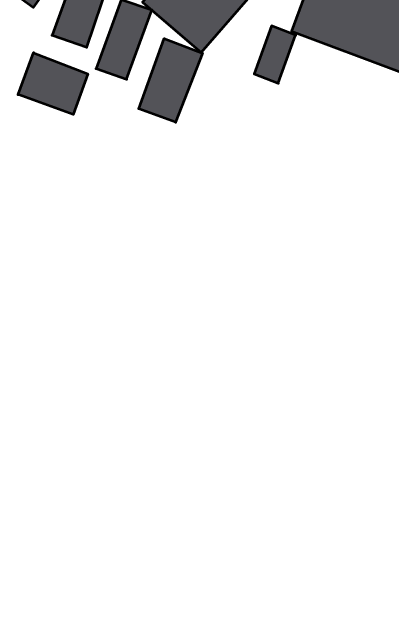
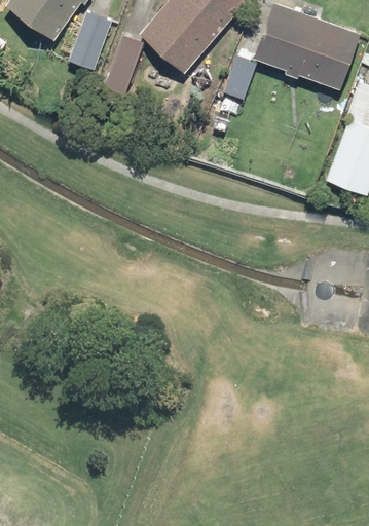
building: [139,39,202,122] -> none
building: [18,53,88,114] -> none

